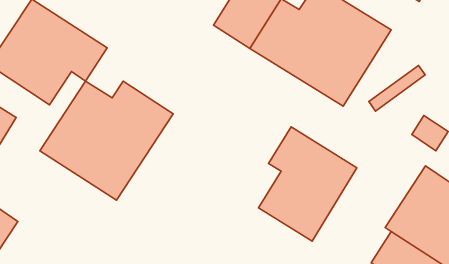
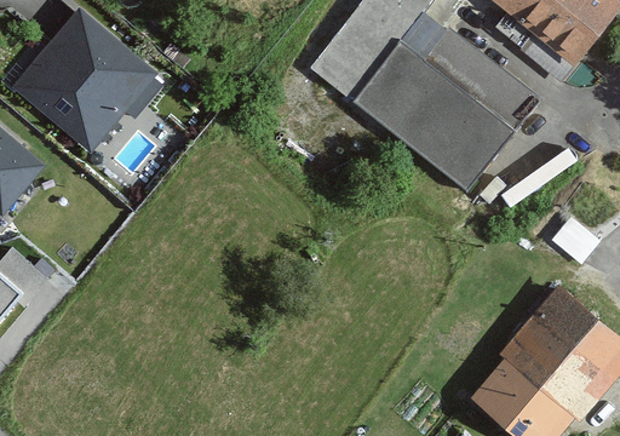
building: [40,81,173,200] -> none
building: [258,127,357,241] -> none

